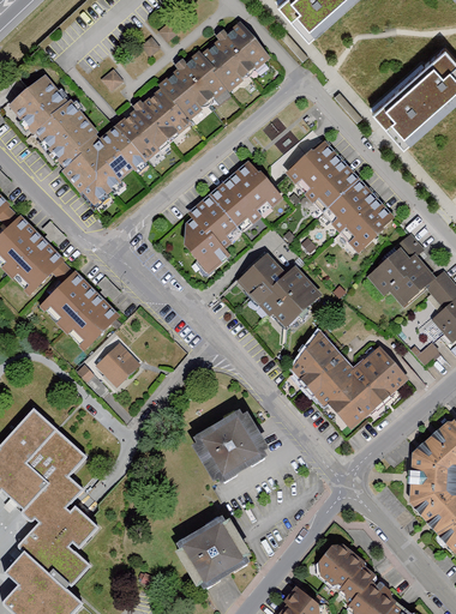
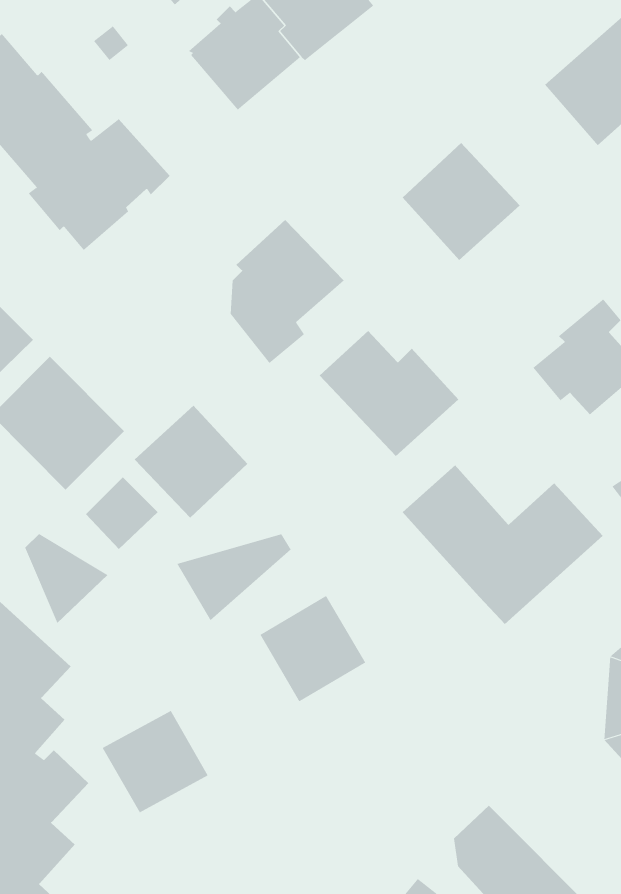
building: [115,86,191,159] -> none
building: [216,161,282,223] -> none
building: [322,177,395,251] -> none
building: none -> [134,405,248,519]
building: none -> [25,533,109,624]
building: none -> [176,534,291,621]
building: [182,524,247,586] -> [102,710,209,813]

